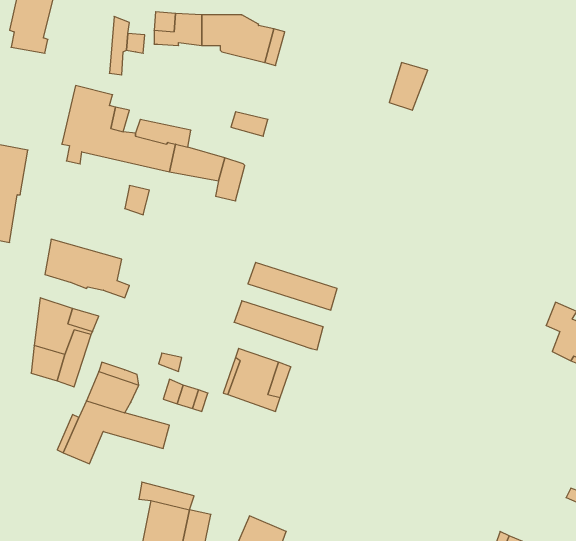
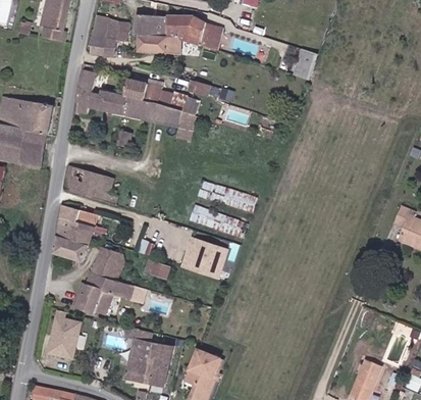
building: none -> [92,15,109,55]
building: none -> [138,35,180,54]
building: none -> [126,79,199,115]
building: none -> [49,310,81,354]

